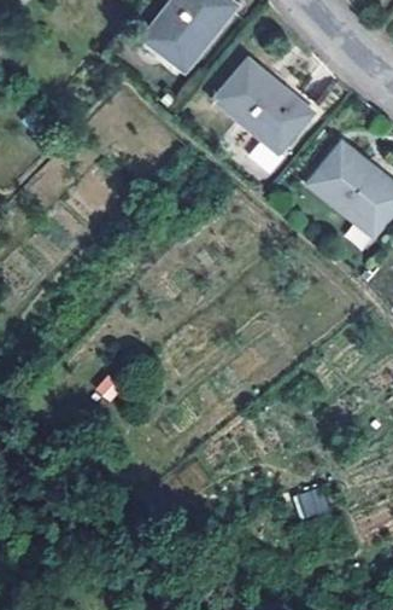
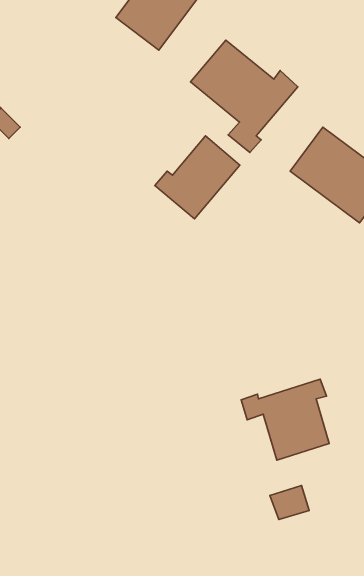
building: none -> [155,136,240,219]
building: none -> [241,379,329,460]

